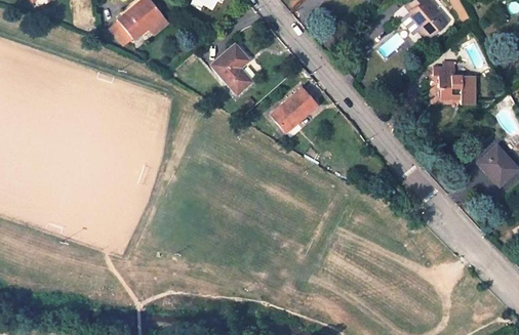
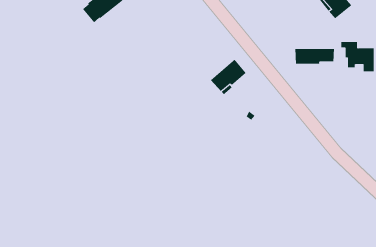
building: [212,45,251,94] -> none
building: none -> [295,48,335,64]

